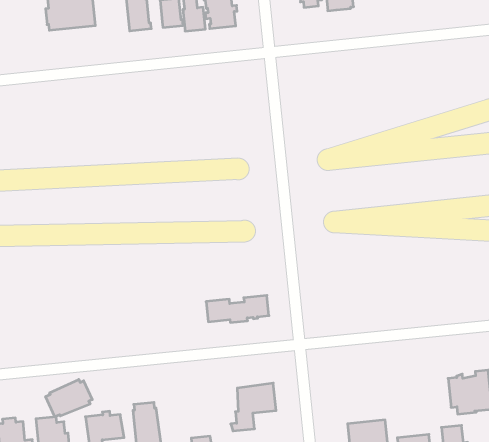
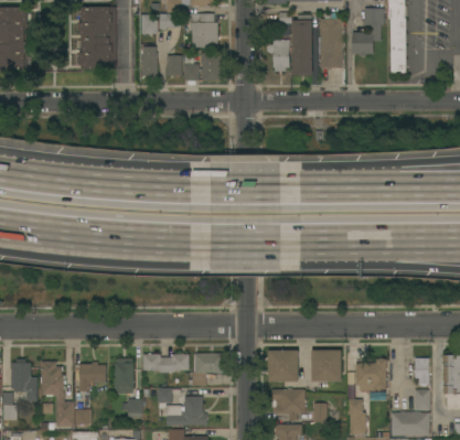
building: [206,295,269,322] -> [142,354,189,372]
building: none -> [311,344,341,382]
building: none -> [267,351,298,382]
building: [46,379,92,417] -> none

